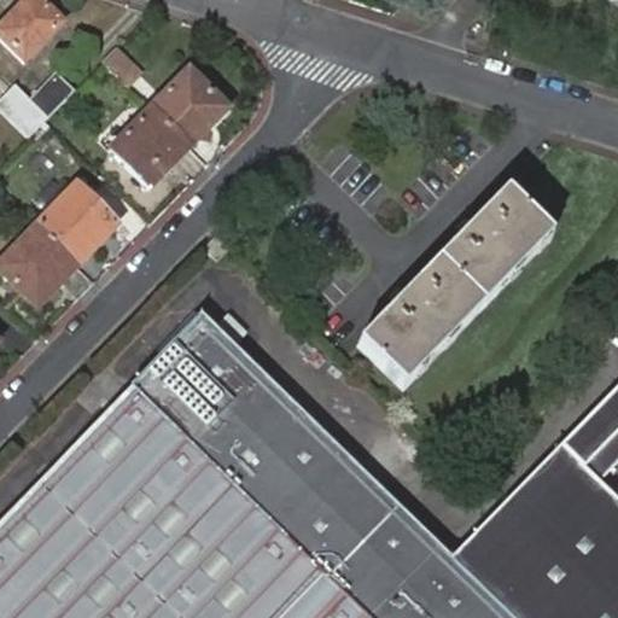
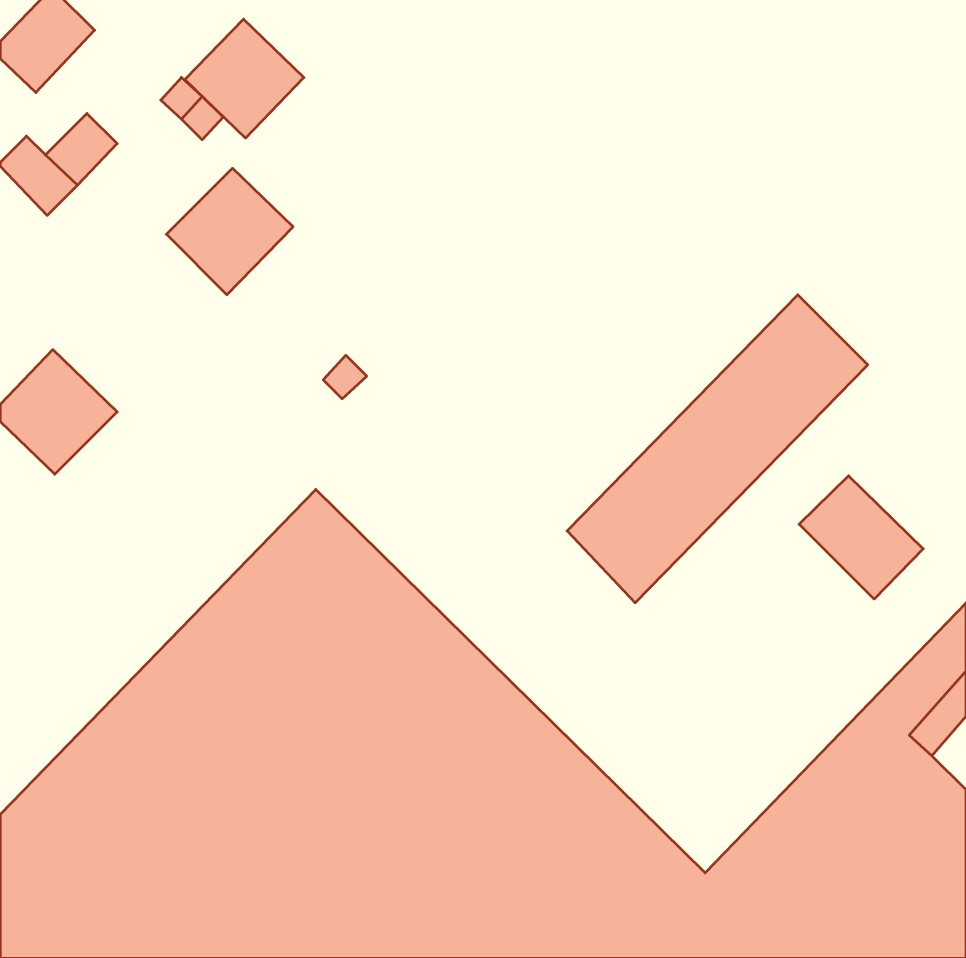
building: [148,69,225,145] -> [185,19,304,138]
building: [34,182,115,263] -> none
building: none -> [799,476,923,599]

